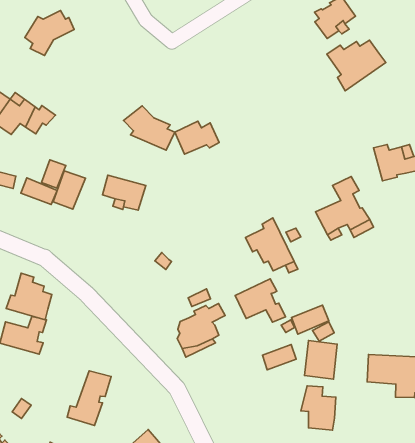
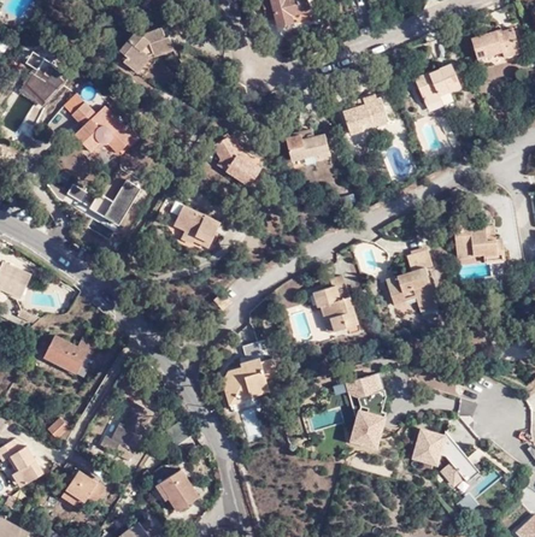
building: none -> [346,95,387,134]
building: [327,40,386,91] -> none
building: [175,121,219,154] -> [288,129,331,160]
building: [53,171,85,209] -> none
building: [6,273,52,320] -> none
building: [235,279,286,322] -> none
building: [301,386,336,430] -> none

